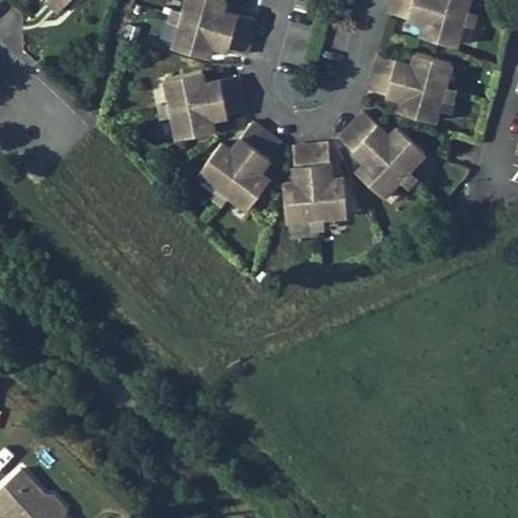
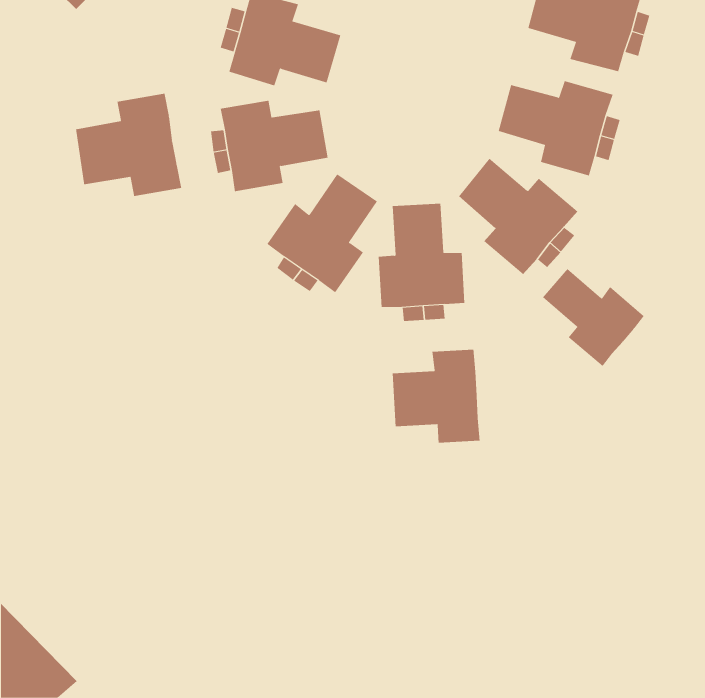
building: none -> [75,93,182,197]
building: none -> [542,268,645,367]
building: none -> [392,349,480,443]

